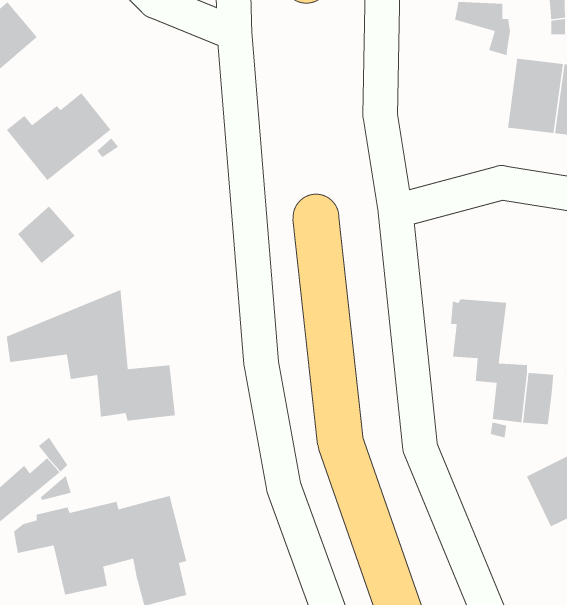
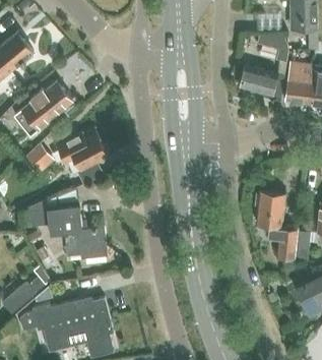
building: none -> [239,65,283,99]
building: none -> [56,129,108,185]

